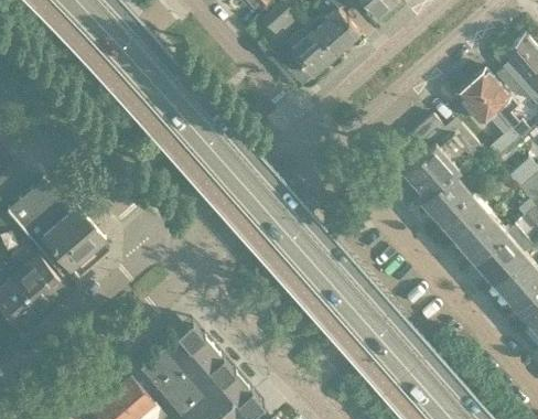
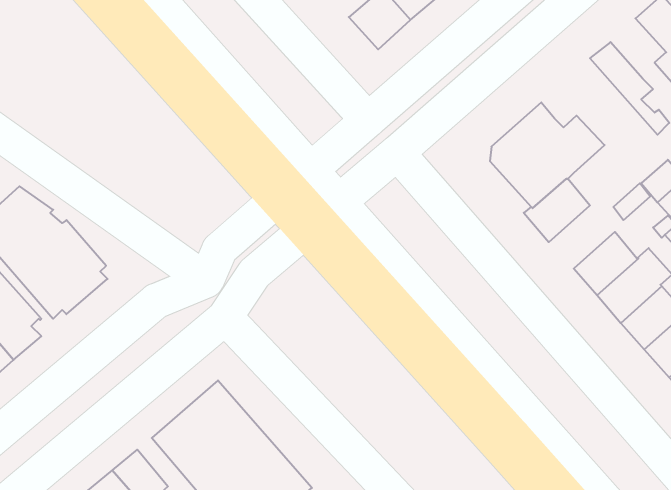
building: [456,85,521,153] -> none
building: [440,195,489,243] -> none

